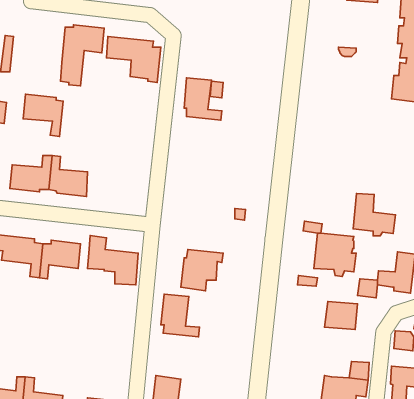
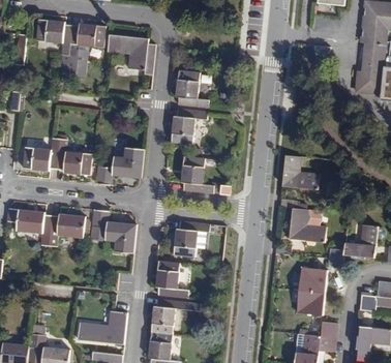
building: [23,94,63,137] -> [35,20,70,57]
building: none -> [170,109,206,144]
building: none -> [94,147,144,185]
building: none -> [179,156,213,193]
building: [353,193,396,236] -> [281,154,319,191]
building: none -> [296,290,325,314]
building: none -> [150,299,186,335]
building: none -> [76,311,125,344]

